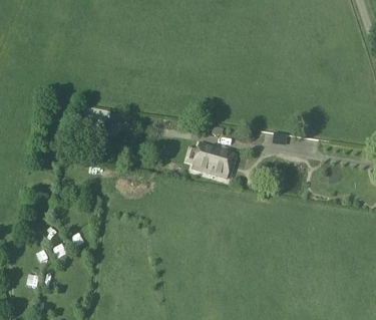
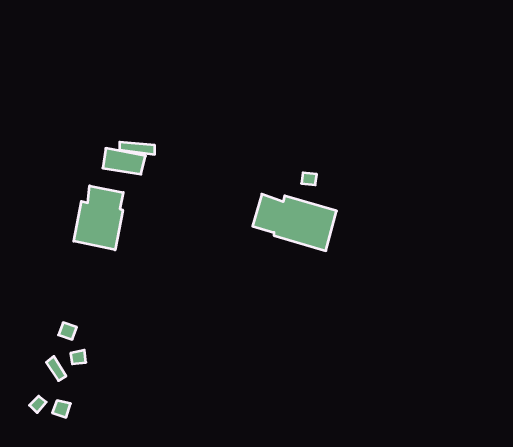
building: none -> [74,186,123,250]

